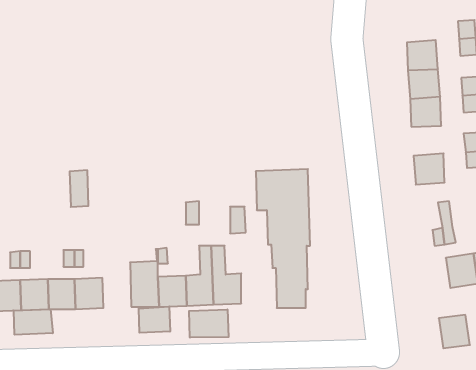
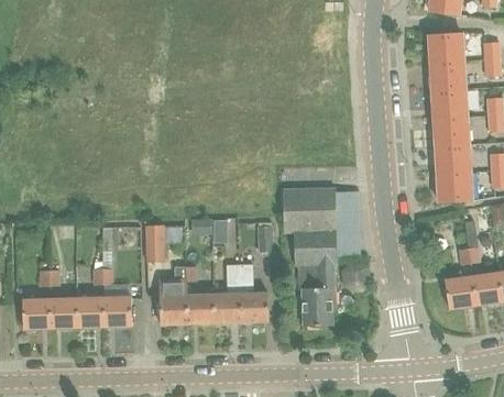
building: none -> [430,32,461,63]
building: none -> [437,145,469,175]
building: [70,170,88,207] -> [145,225,164,262]
building: [139,306,170,333] -> none
building: [14,309,53,335] -> none
building: [189,309,229,338] -> none
building: [439,315,470,348] -> [445,276,475,309]

